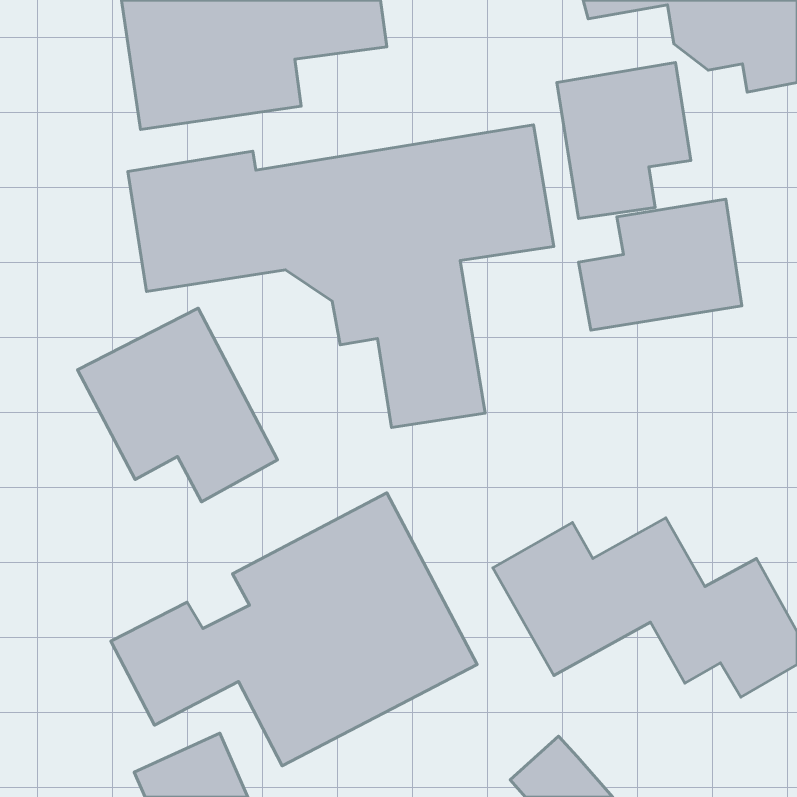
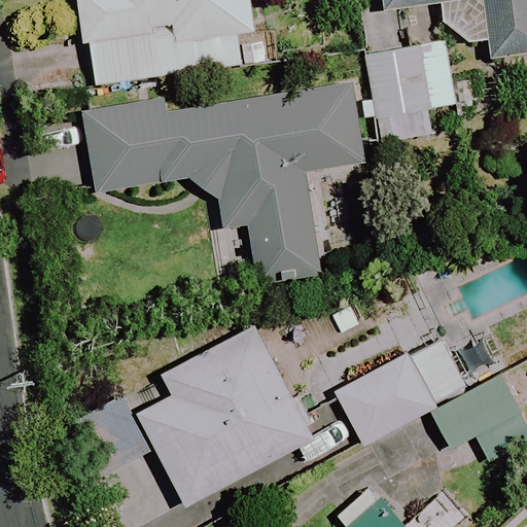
building: [578,199,742,330] -> none
building: [77,308,278,502] -> none

